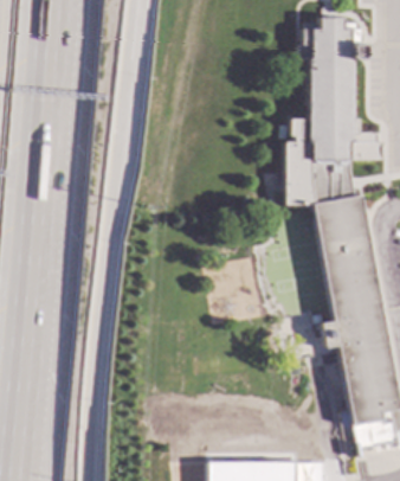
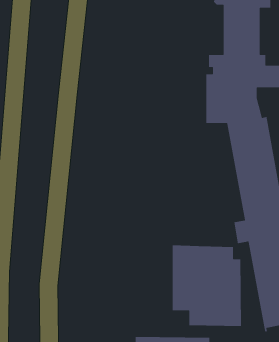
building: none -> [172,245,242,327]

